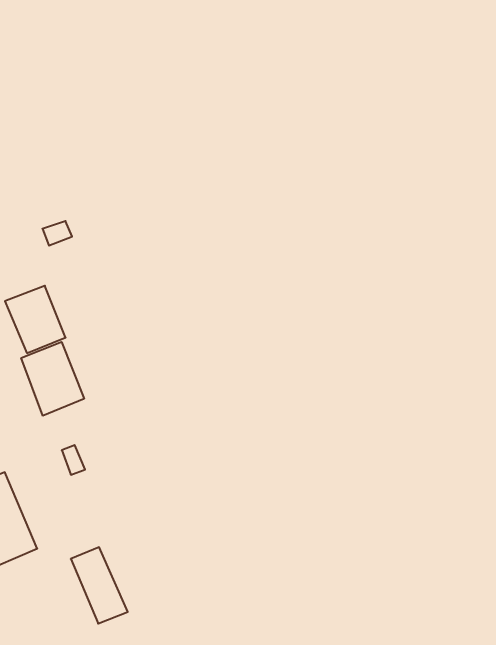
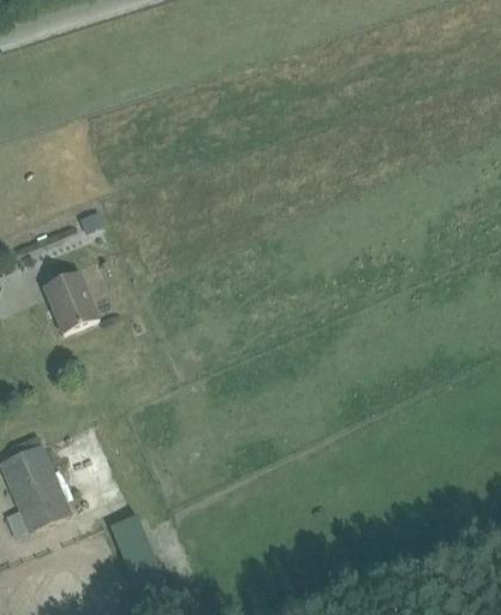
building: [21,342,84,416] -> none

